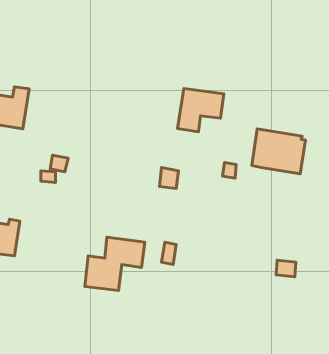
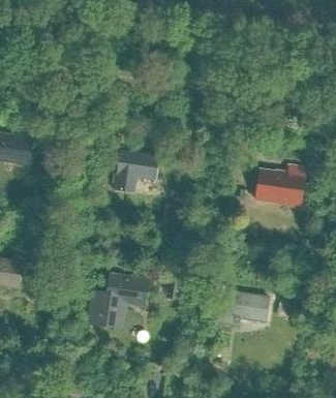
building: [178,89,224,132] -> [115,150,160,192]
building: none -> [217,292,270,326]

